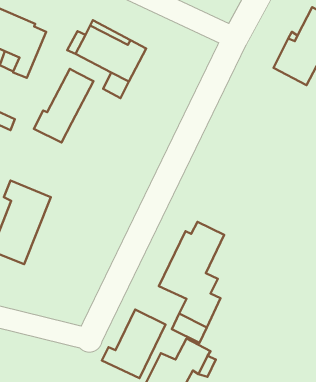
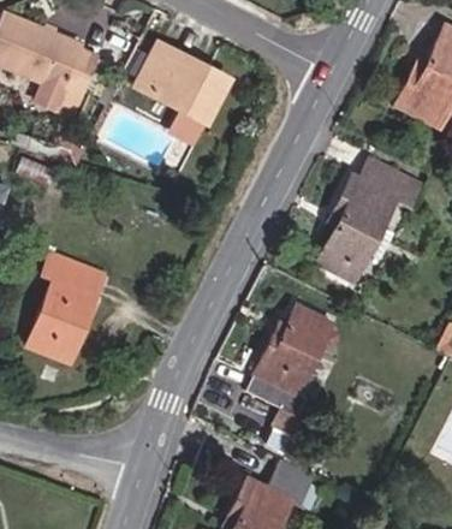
building: [34,69,93,143] -> none
building: none -> [316,159,420,281]
building: [102,309,166,378] -> none

